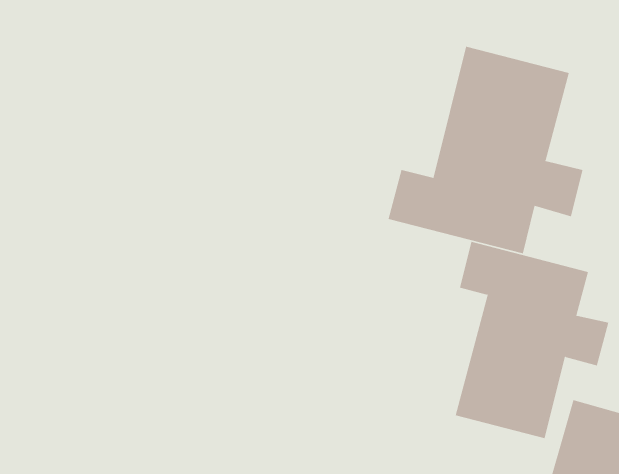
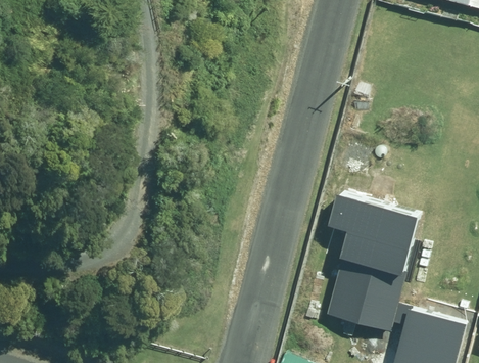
building: [388,46,583,254] -> none

